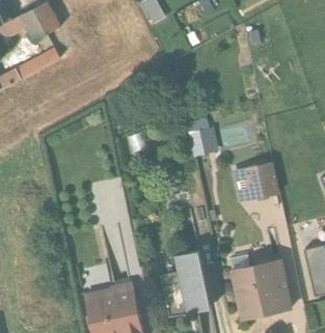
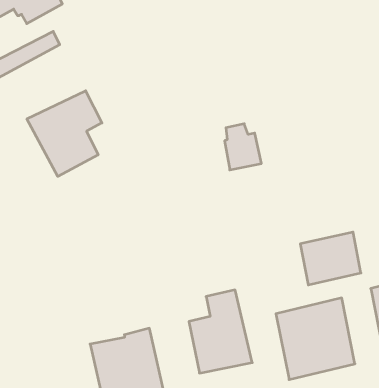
building: none -> [27,91,102,176]
building: [232,162,279,203] -> [300,232,361,285]

